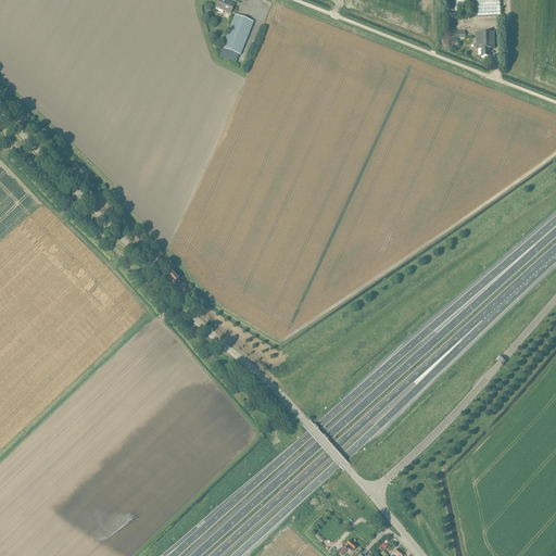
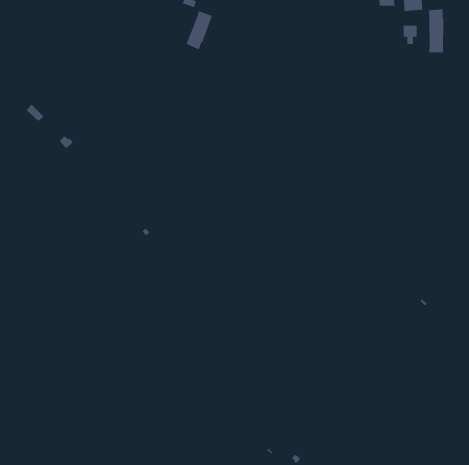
building: none -> [428,8,444,53]

